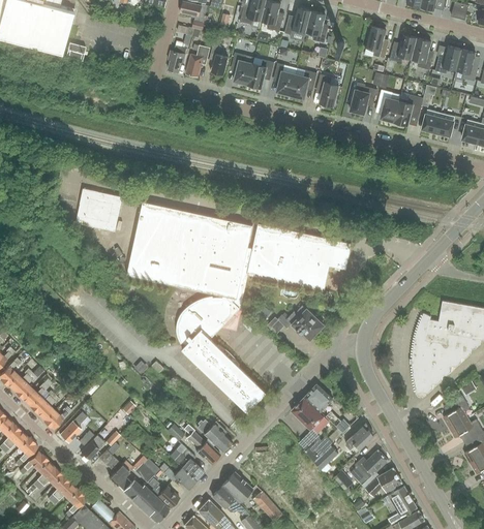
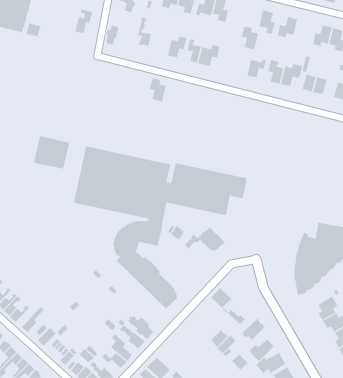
building: [413,38,434,67] -> none
building: [186,44,210,76] -> [75,9,93,34]
building: [231,53,253,85] -> [149,77,167,102]
building: [316,75,339,106] -> [241,26,259,50]
building: [291,398,329,434] -> none

